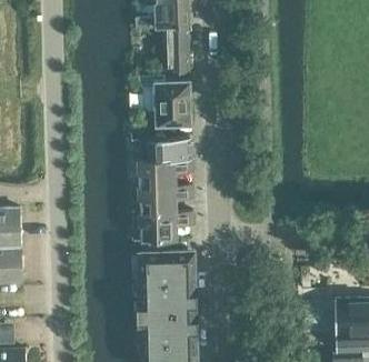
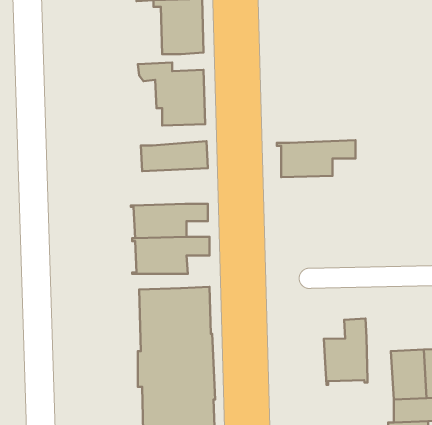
building: [131,158,192,187] -> [277,140,355,177]
building: none -> [324,318,368,385]

